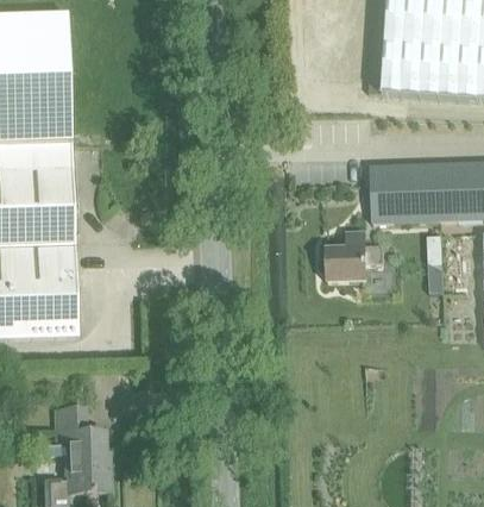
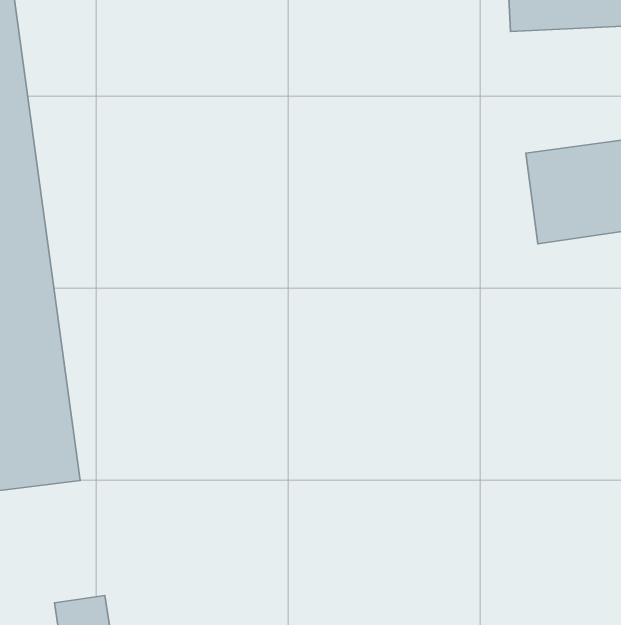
building: [325,234,383,283] -> none

